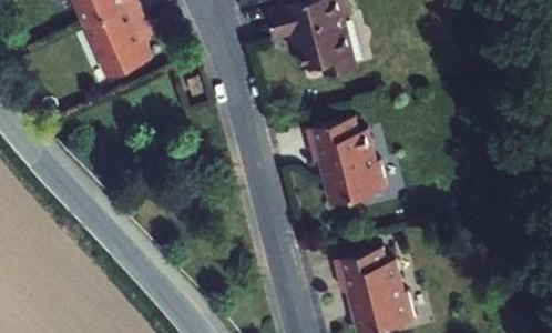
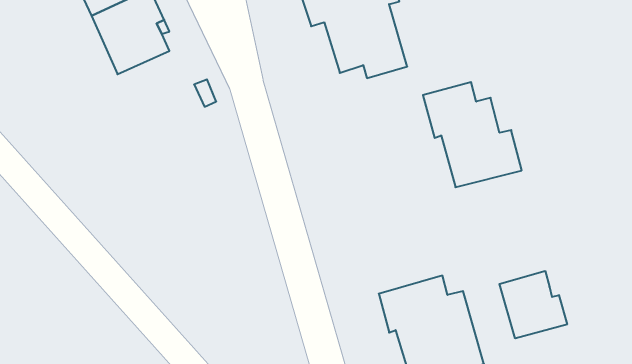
building: [304,119,388,209] -> [423,82,522,187]
building: none -> [499,271,567,338]

